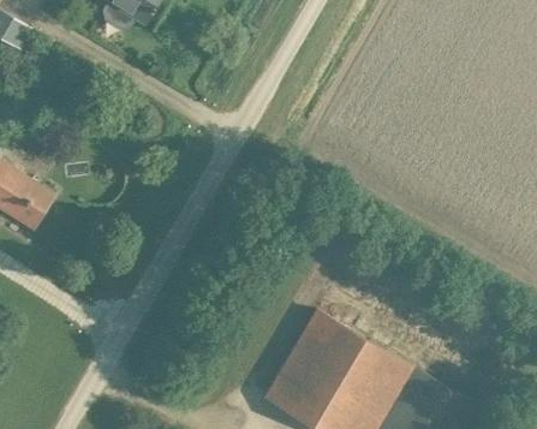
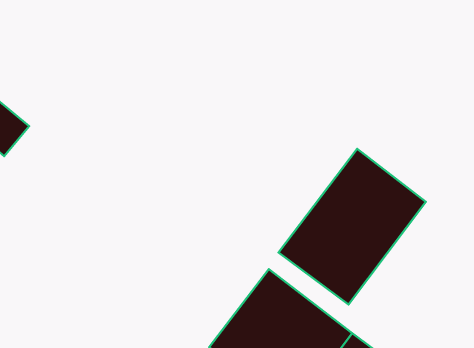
building: none -> [279,149,426,305]

